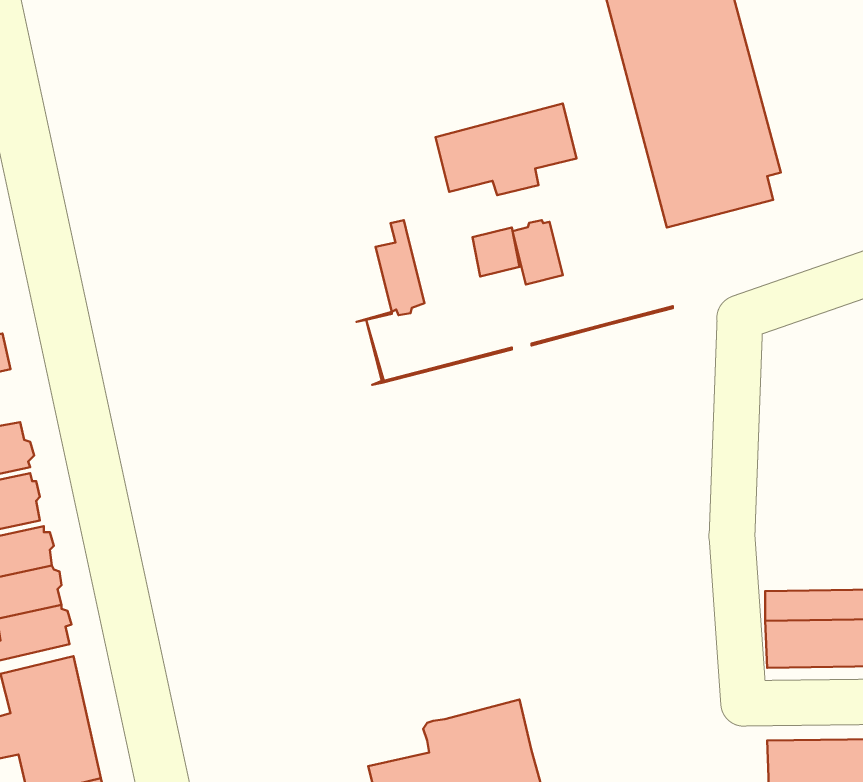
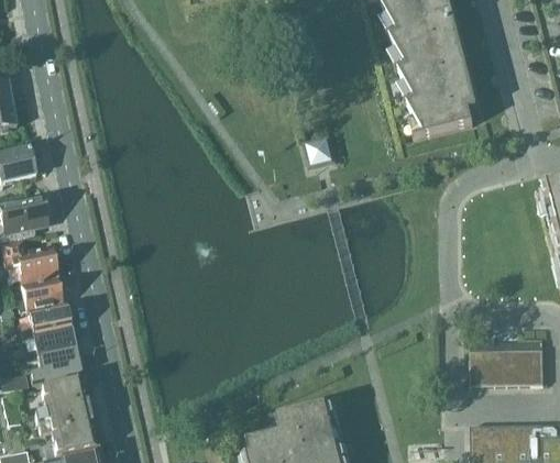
building: [436,104,576,195] -> none
building: [512,220,563,285] -> none
building: [375,220,424,315] -> none

